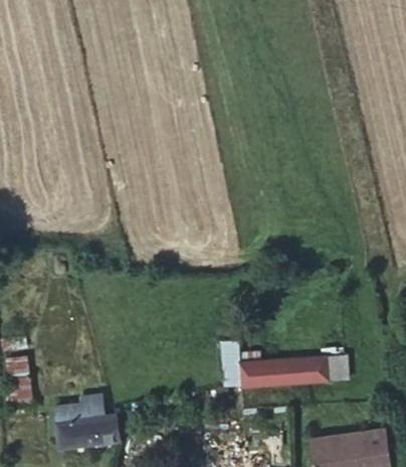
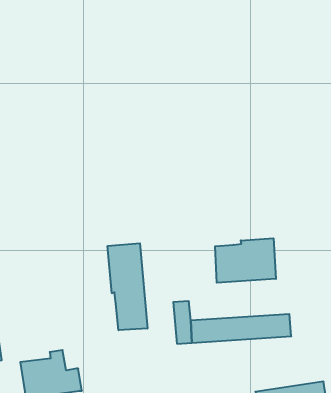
building: none -> [215,238,276,283]
building: none -> [108,243,147,330]

